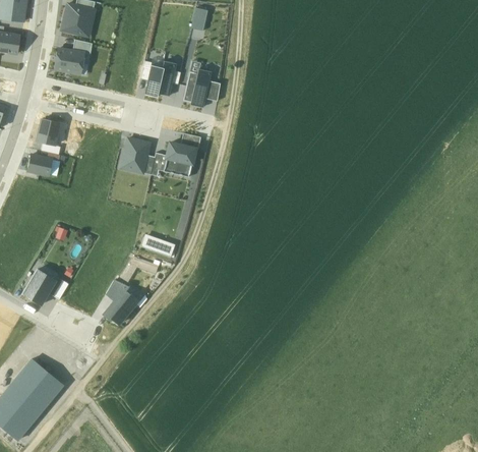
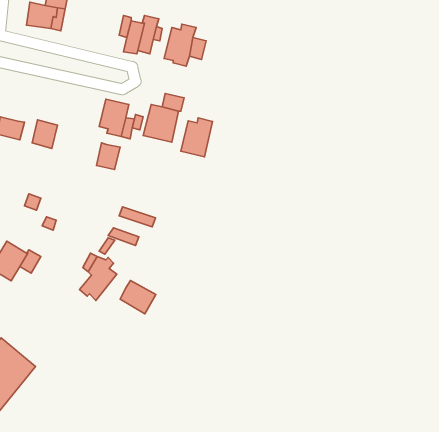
building: [37,118,60,145] -> [32,120,57,148]
building: none -> [181,118,213,157]
building: none -> [96,143,120,169]
building: none -> [120,281,156,314]

